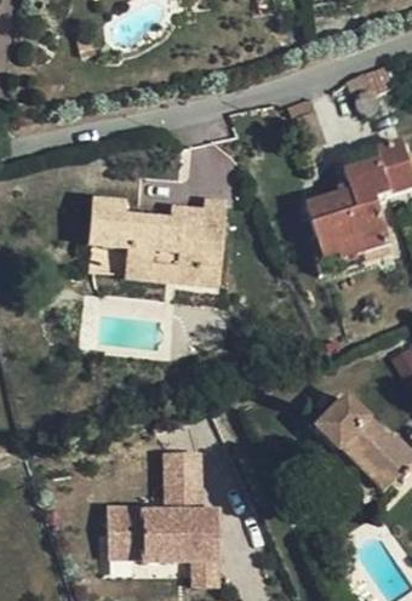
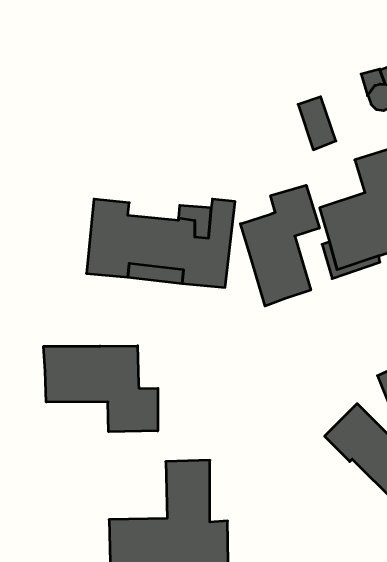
building: none -> [240,185,319,306]
building: none -> [44,346,158,432]

